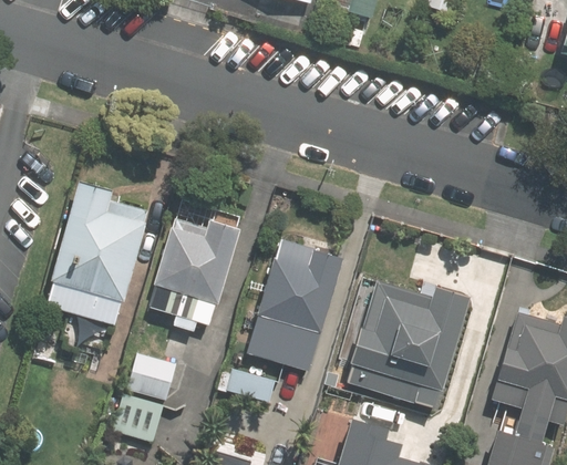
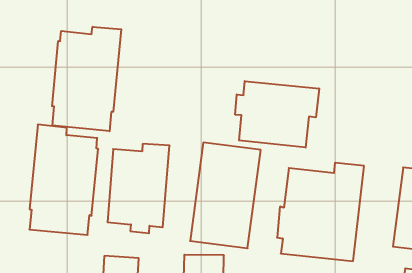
building: none -> [52,27,121,131]
building: none -> [235,81,319,148]

